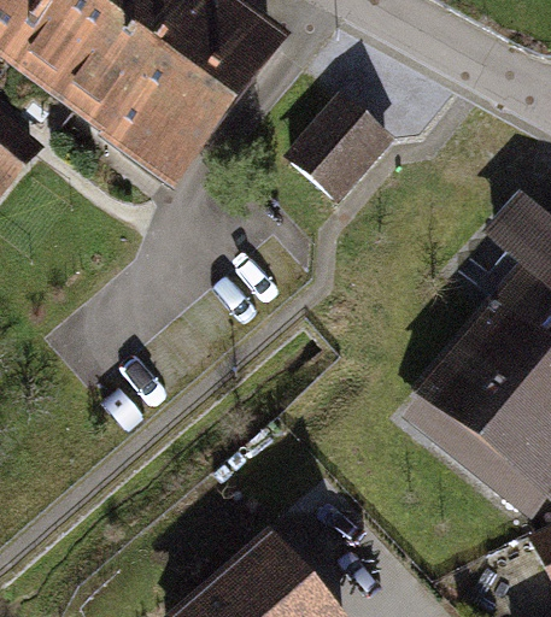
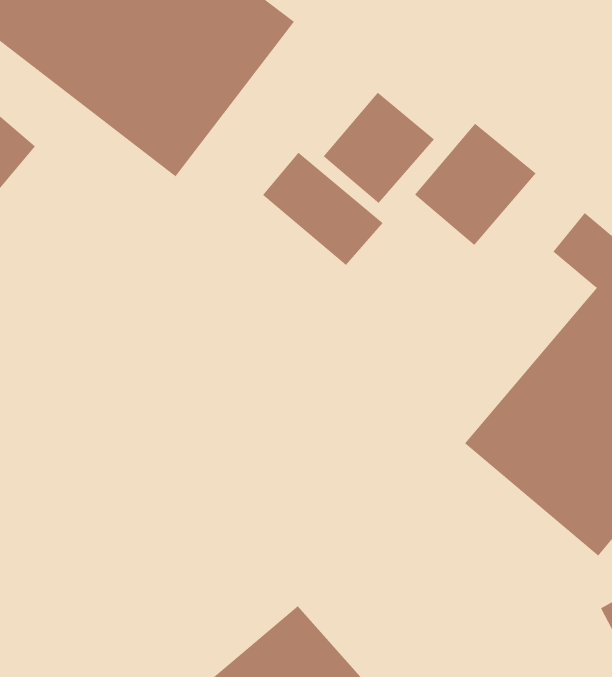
building: none -> [414,123,537,246]
building: none -> [262,152,384,266]

